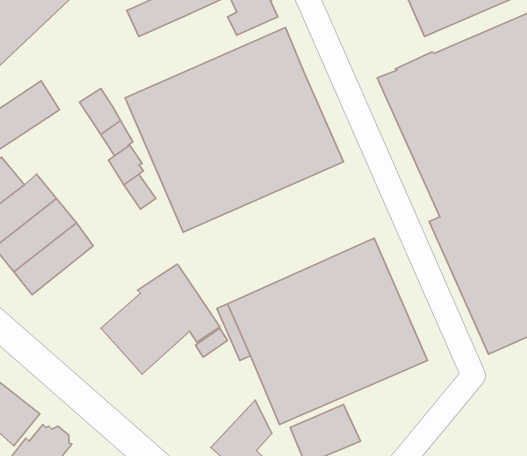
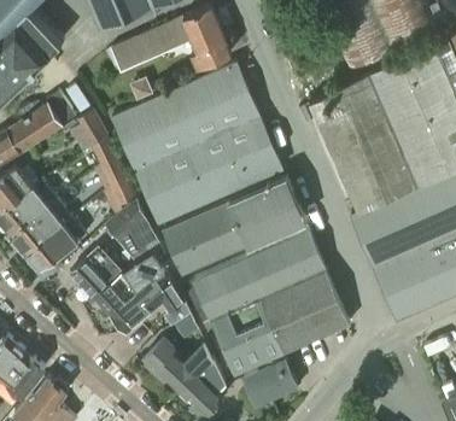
building: none -> [163,177,304,275]
building: none -> [105,204,160,253]
building: none -> [69,248,123,300]
building: none -> [138,337,214,394]

